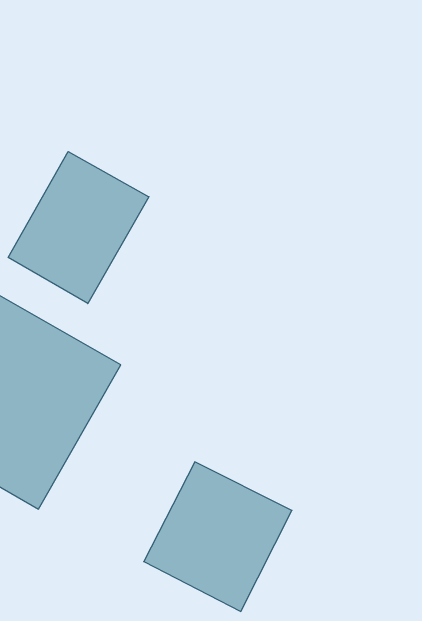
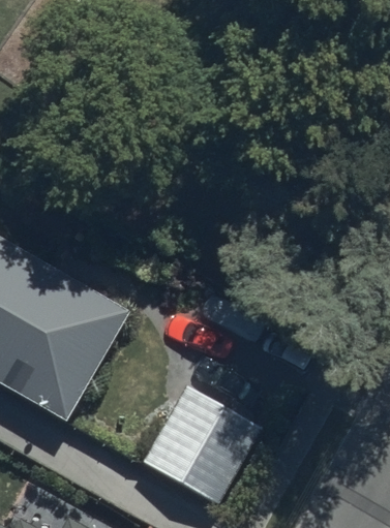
building: [8,152,149,304] -> none

